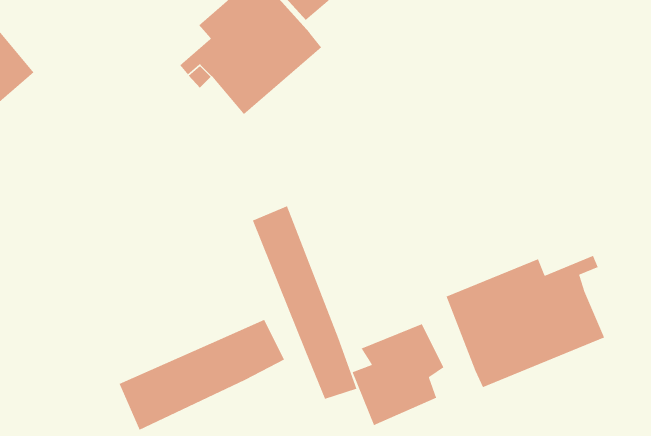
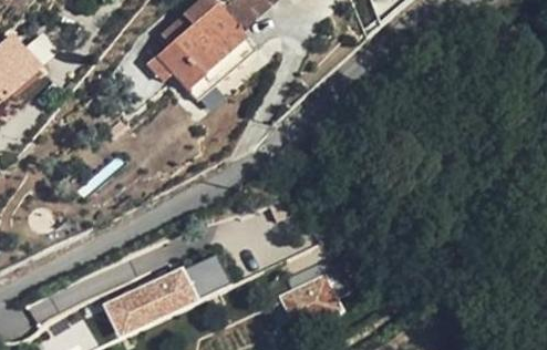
building: [252,205,358,400] -> none
building: [446,255,605,388] -> none

